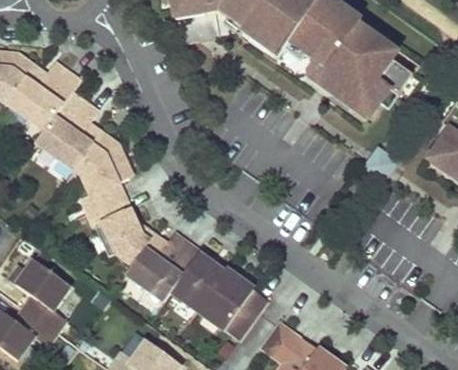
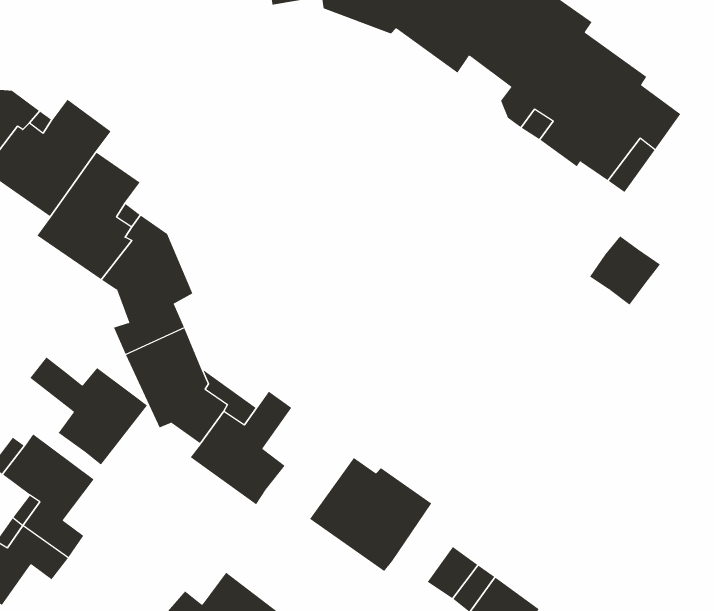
building: none -> [30,356,148,466]
building: [169,243,222,308] -> none

